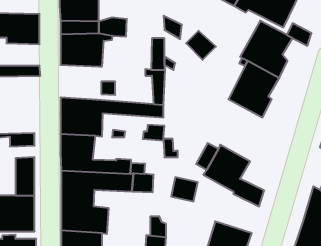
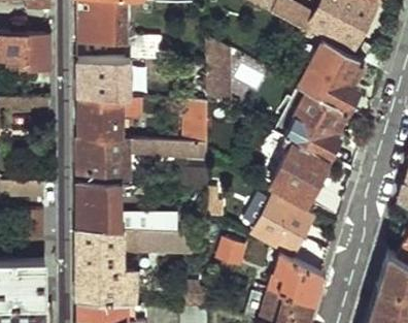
building: none -> [76,97,124,140]
building: none -> [269,139,327,204]
building: none -> [268,252,322,305]

